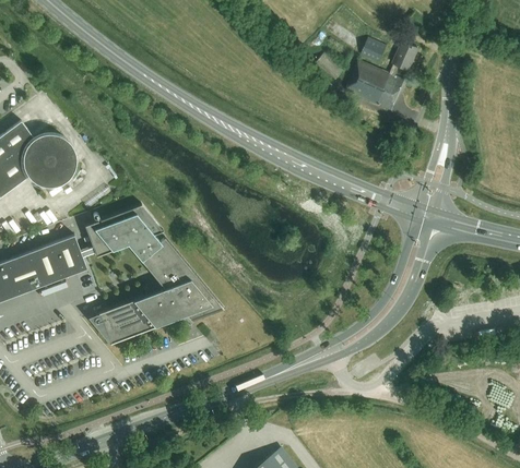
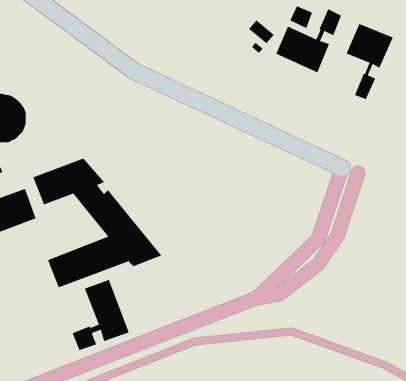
building: none -> [346,23,394,100]
building: none -> [72,279,130,351]

